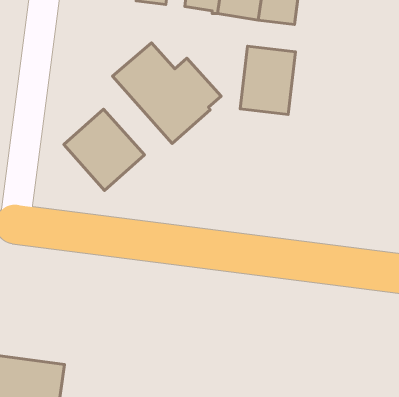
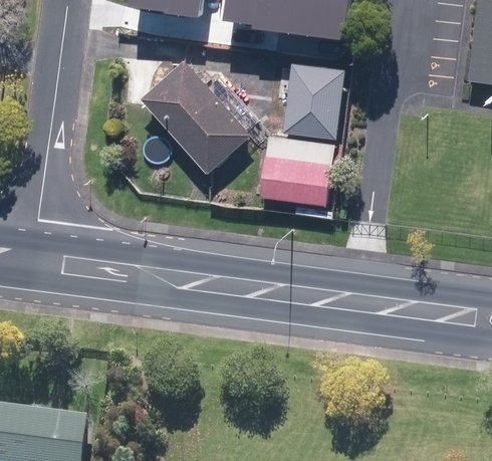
building: [64,109,144,191] -> none
building: none -> [260,136,333,204]

